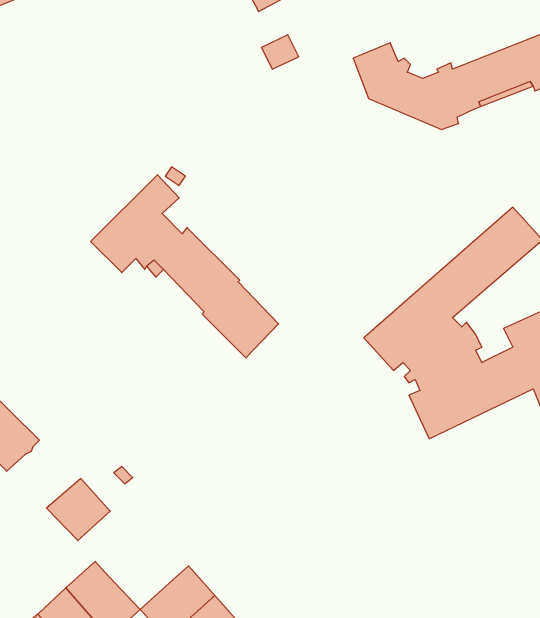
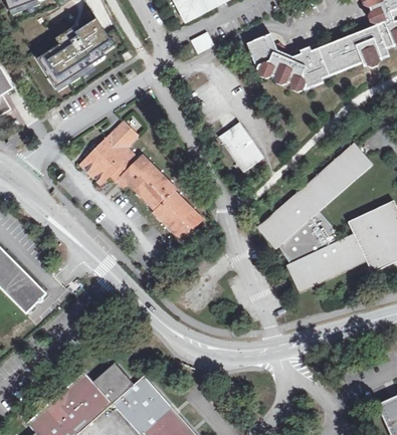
building: none -> [37,15,117,86]
building: none -> [213,123,256,173]
building: [47,479,110,541] -> [91,362,133,402]

